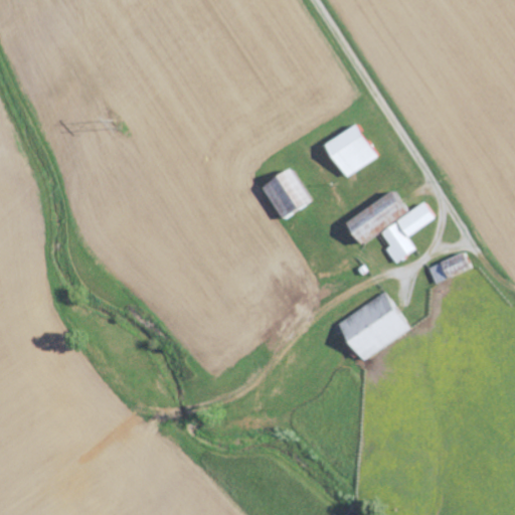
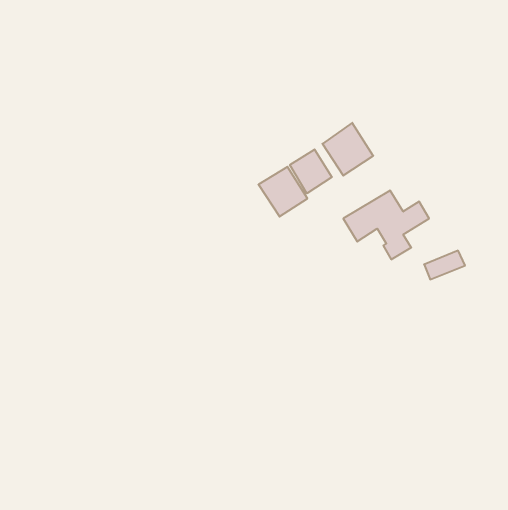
building: none -> [290,149,332,193]
building: [337,293,408,359] -> none

